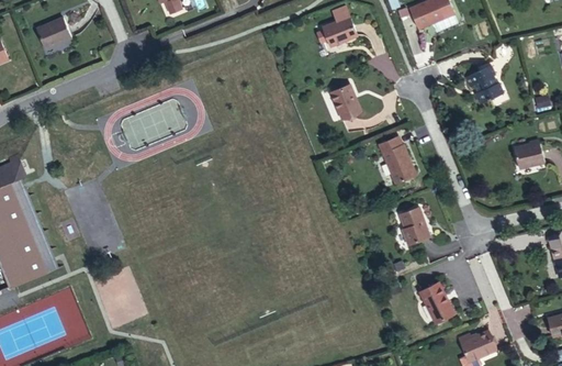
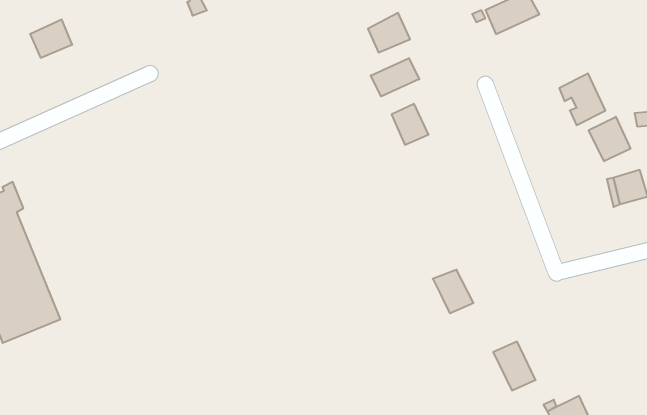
building: none -> [371,58,419,96]
building: none -> [589,117,630,161]
building: [379,135,419,184] -> none
building: [396,207,430,243] -> [433,270,474,313]

